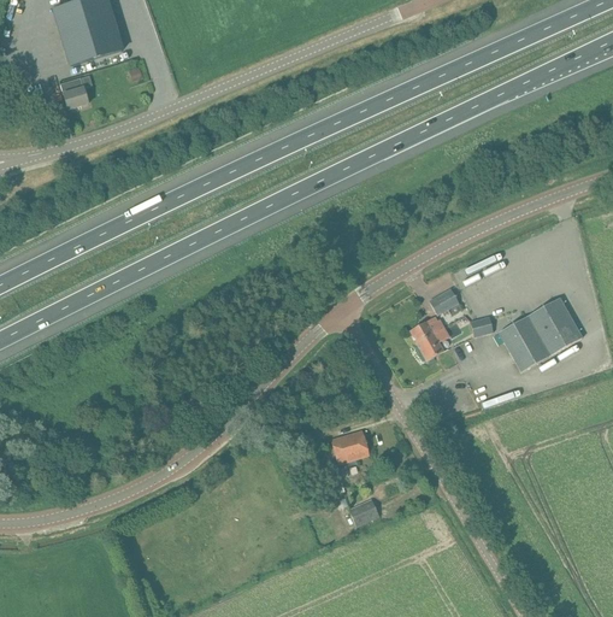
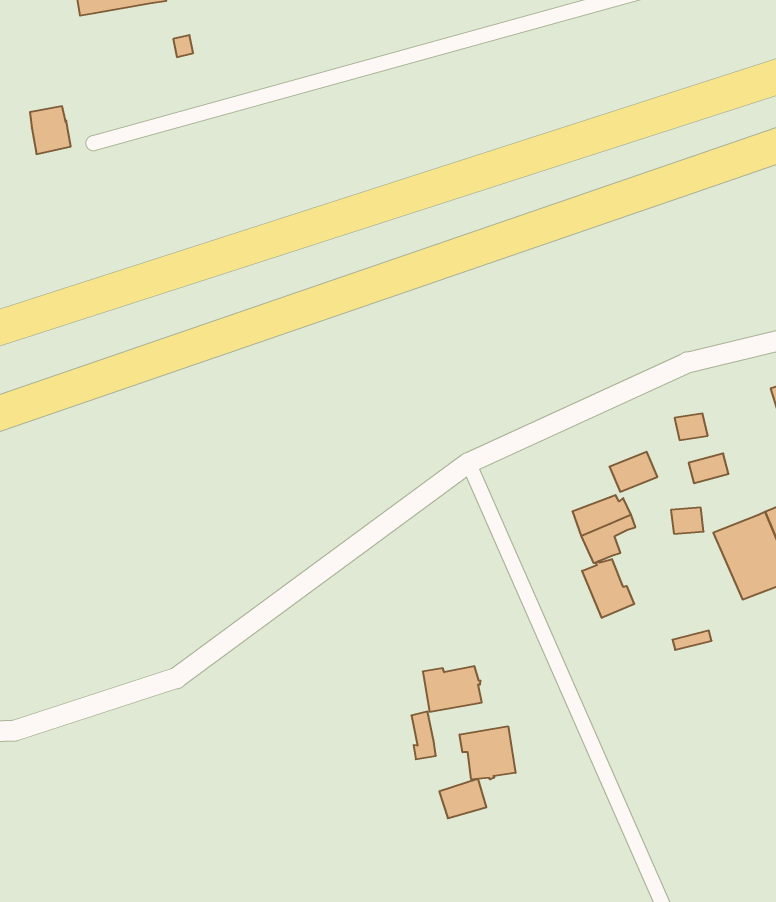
building: [60,77,88,108] -> [30,106,71,154]
building: none -> [582,559,634,618]
building: none -> [460,726,516,779]

